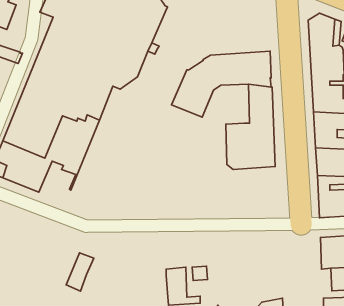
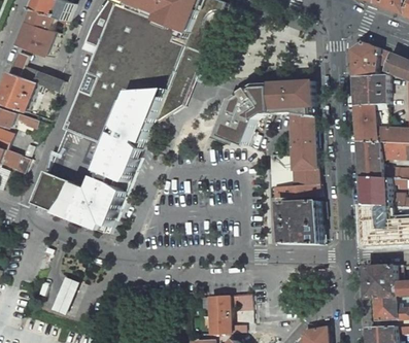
building: none -> [80,190,117,231]
building: none -> [275,200,321,244]
building: [66,253,94,291] -> [49,277,77,315]

